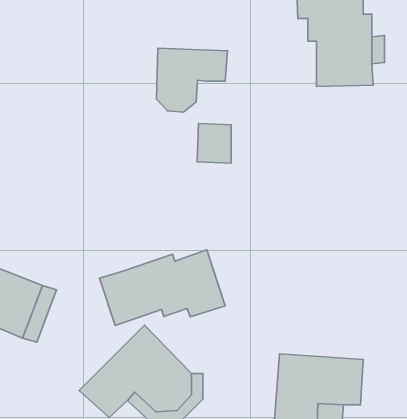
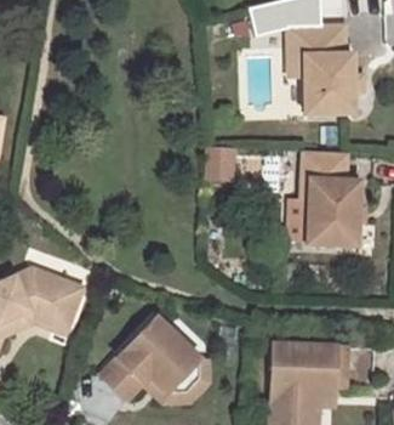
building: [157,48,228,112] -> none
building: none -> [303,149,360,244]
building: [100,250,225,326] -> none

